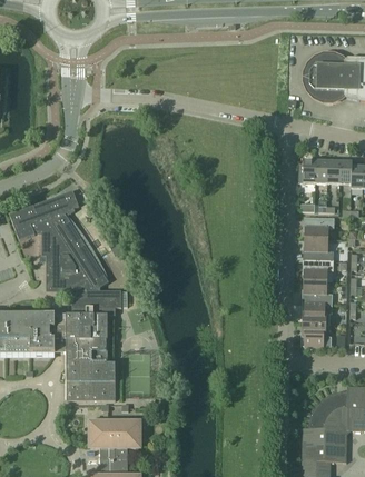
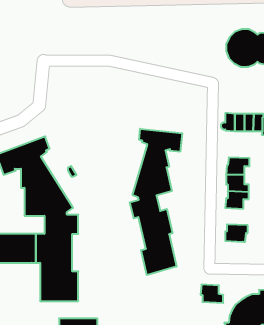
building: none -> [130,129,182,275]
building: [303,280,332,302] -> none
building: [302,322,331,346] -> [201,285,223,303]

